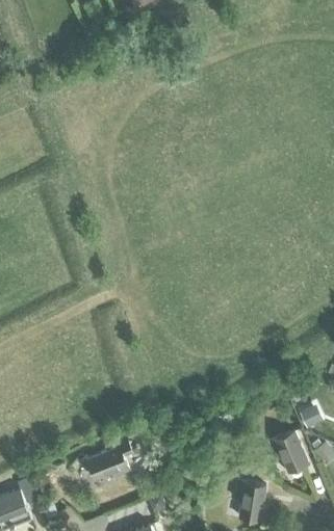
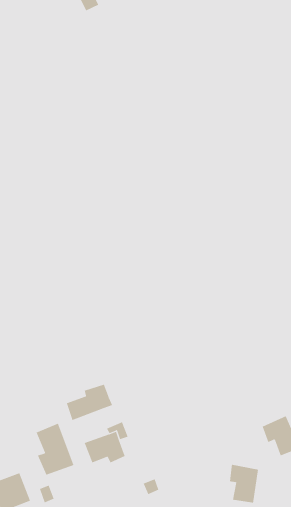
building: none -> [66,384,113,421]
building: none -> [36,423,74,476]

